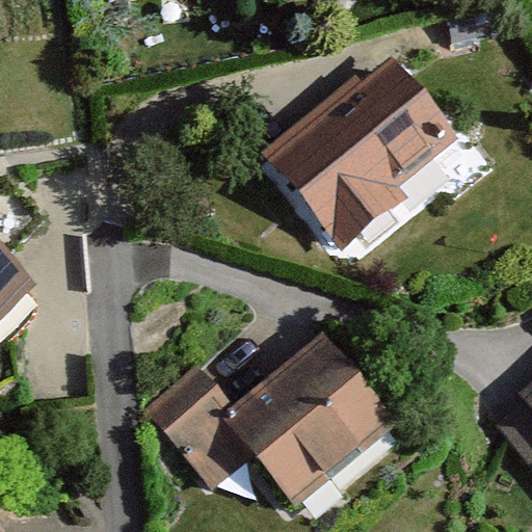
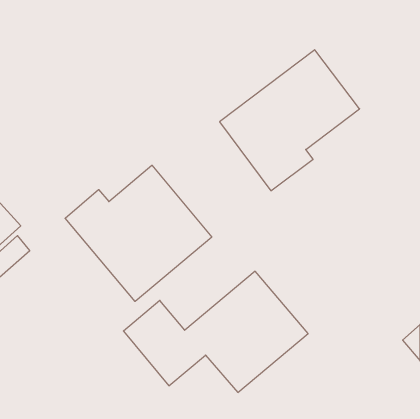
building: none -> [65,165,212,301]

